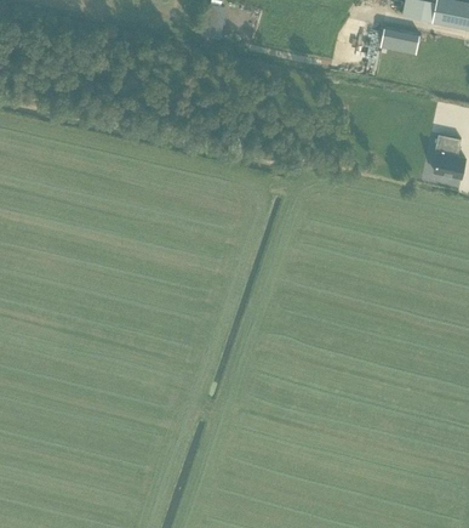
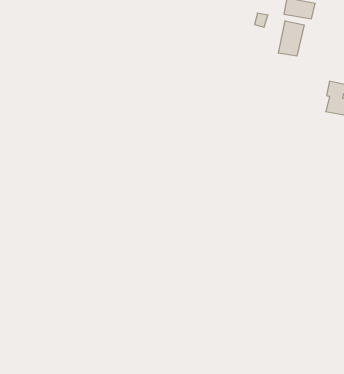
building: none -> [279,21,304,56]

